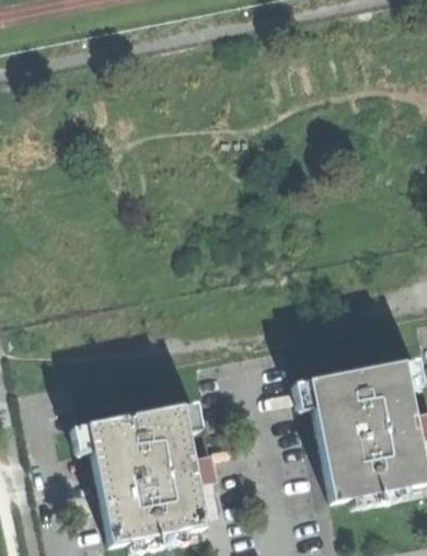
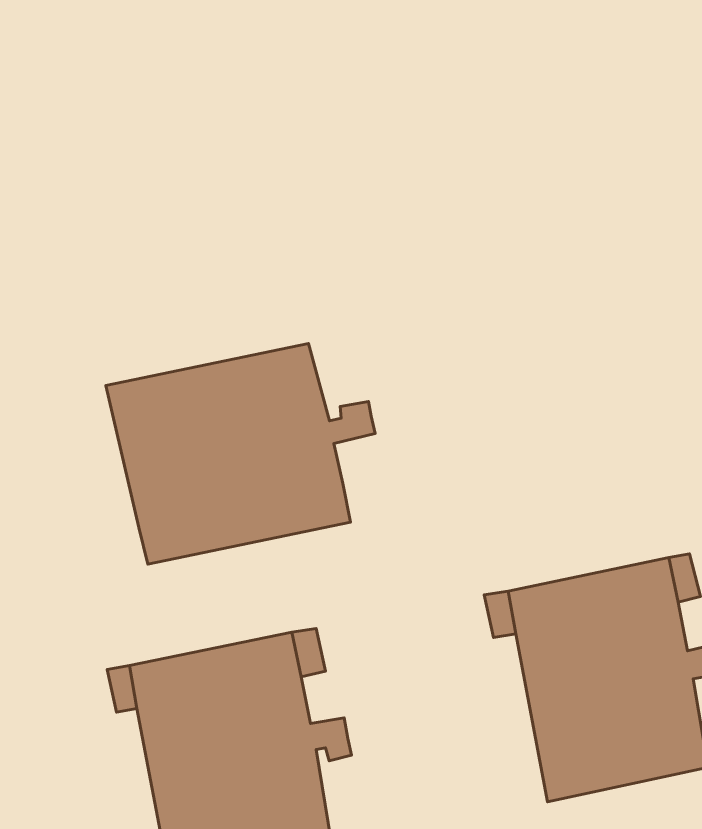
building: none -> [106,344,375,564]

